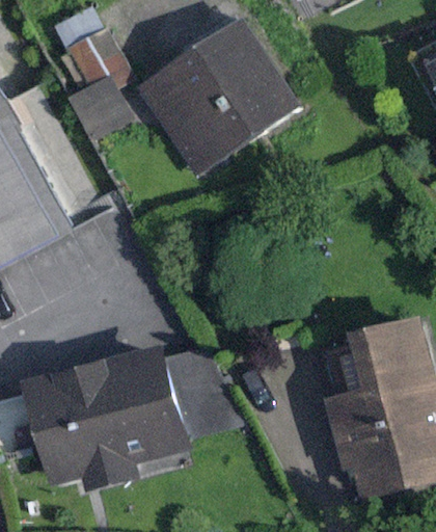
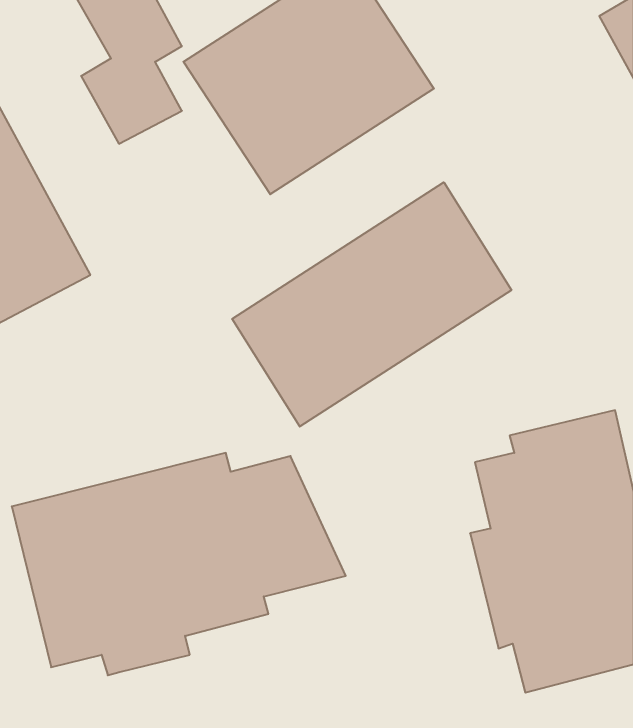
building: none -> [232,182,511,427]

